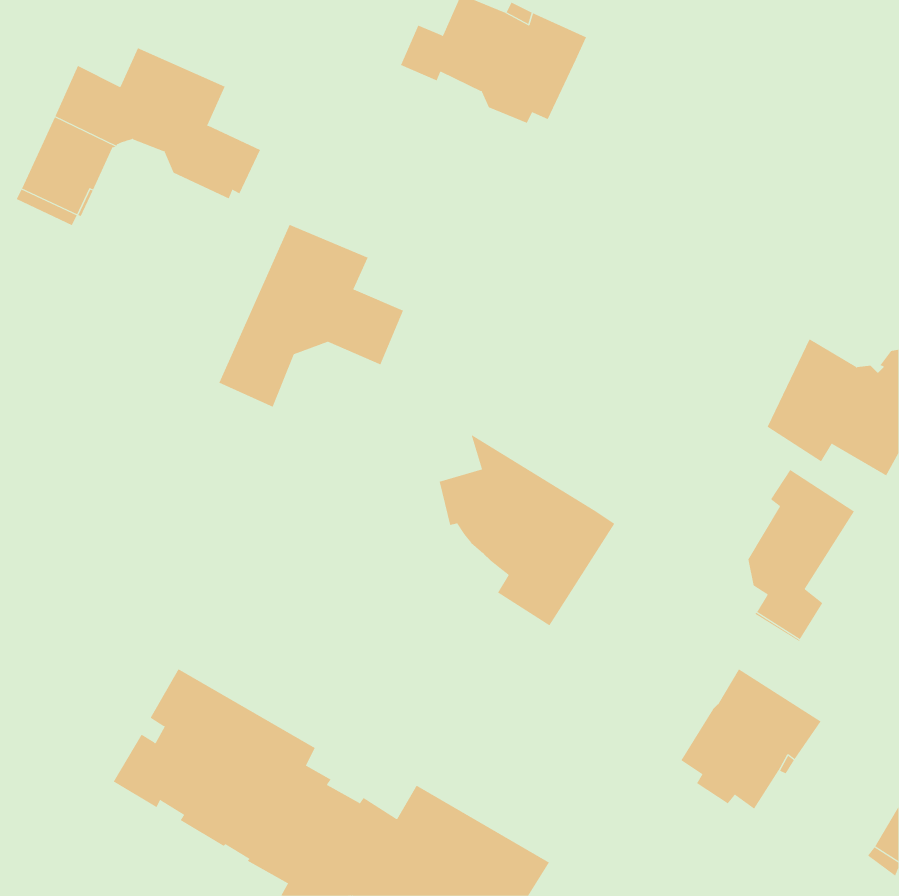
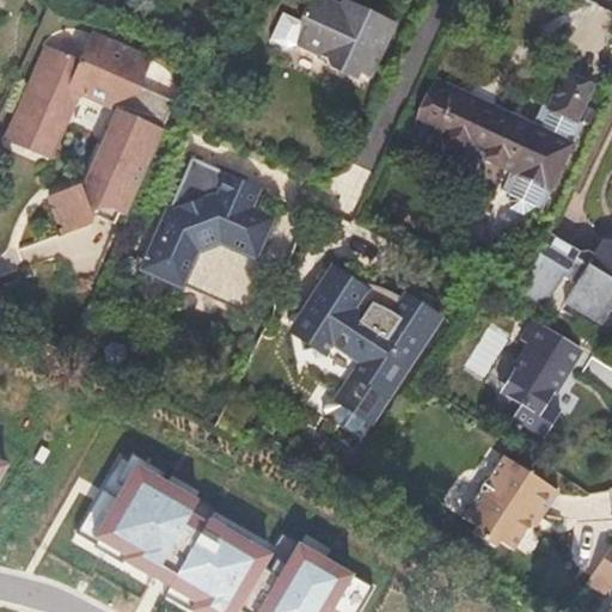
building: none -> [420,78,590,213]
building: none -> [54,117,155,231]
building: none -> [317,247,440,355]

